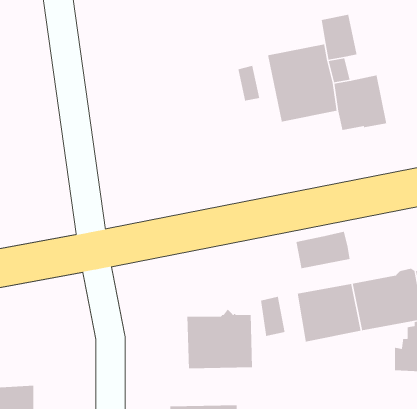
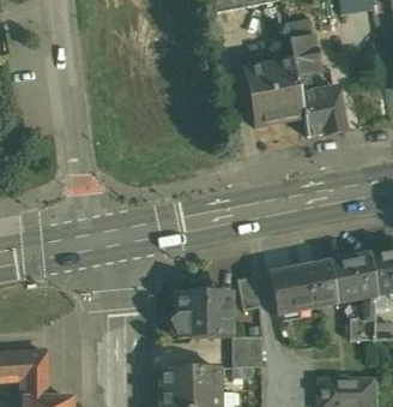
building: [295,231,351,269] -> none
building: none -> [231,336,262,366]

